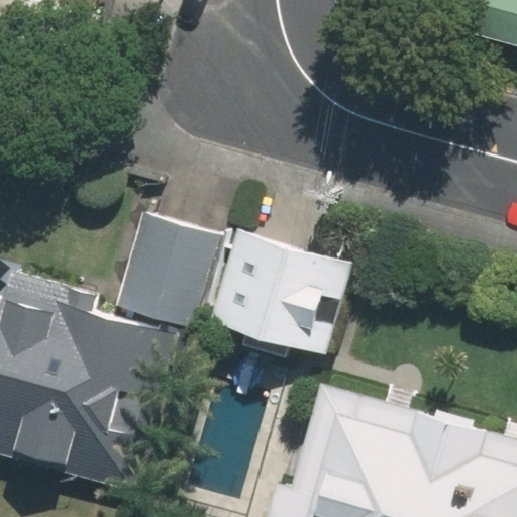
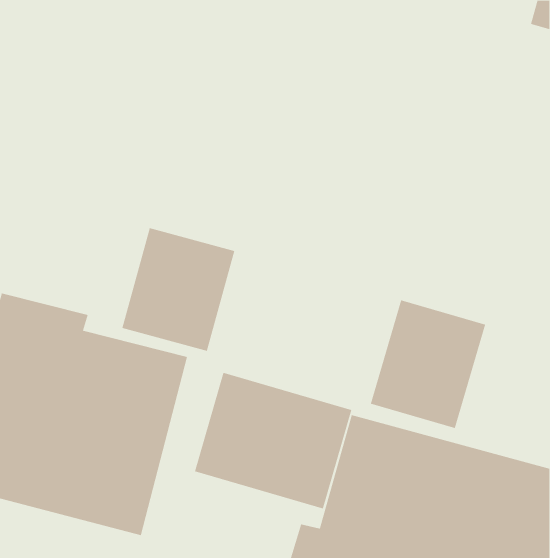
building: [207,229,351,354] -> [194,372,352,509]
building: none -> [370,299,486,429]

